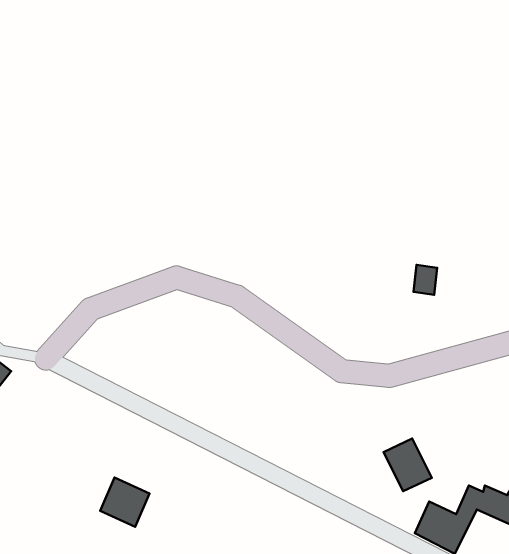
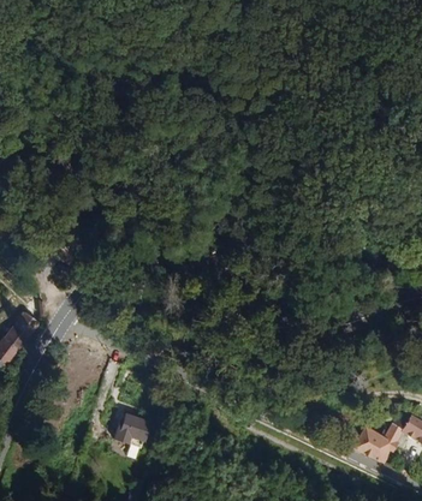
building: [383,439,432,491] -> none

